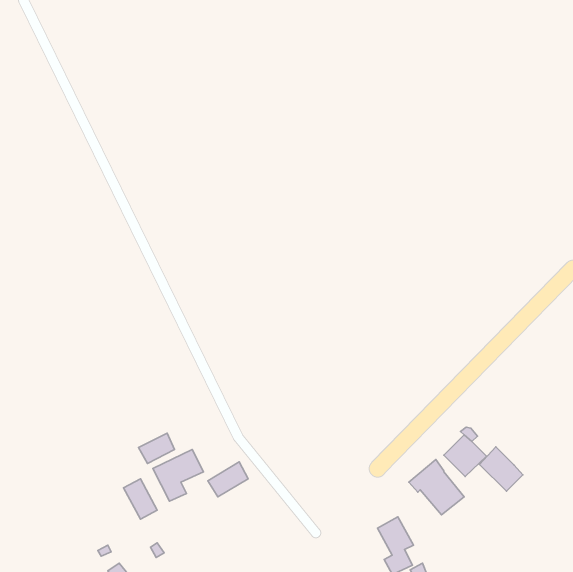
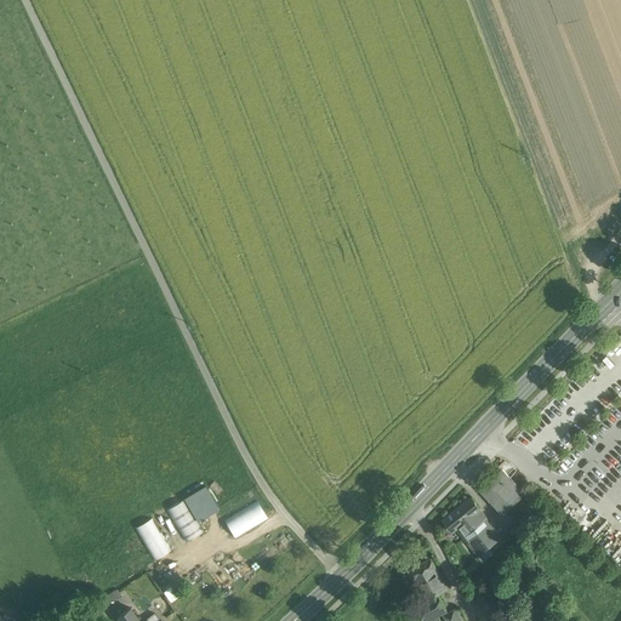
building: [139,433,175,463] -> none
building: [480,447,523,491] -> none

